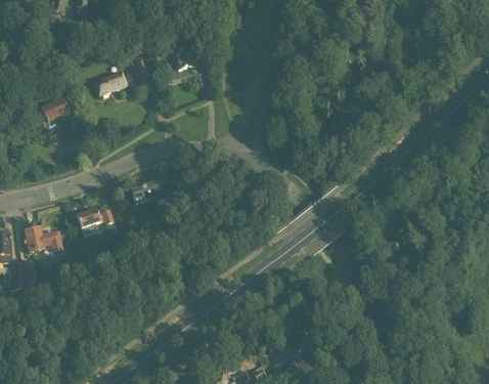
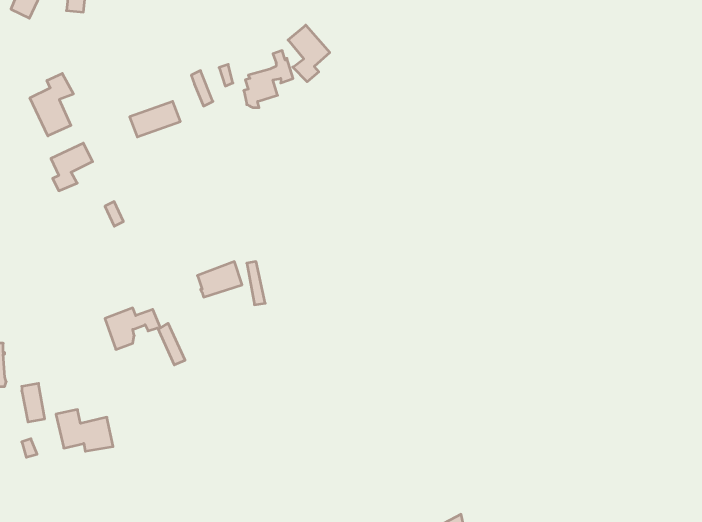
building: none -> [288,25,330,82]
building: none -> [30,73,73,136]
building: [25,225,62,253] -> [56,410,113,451]

